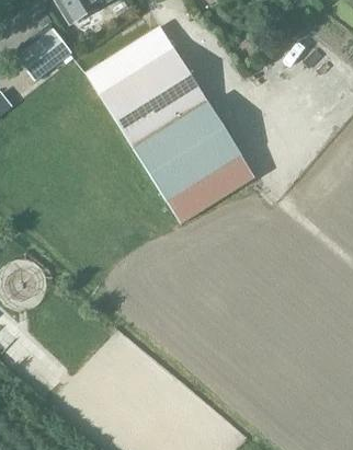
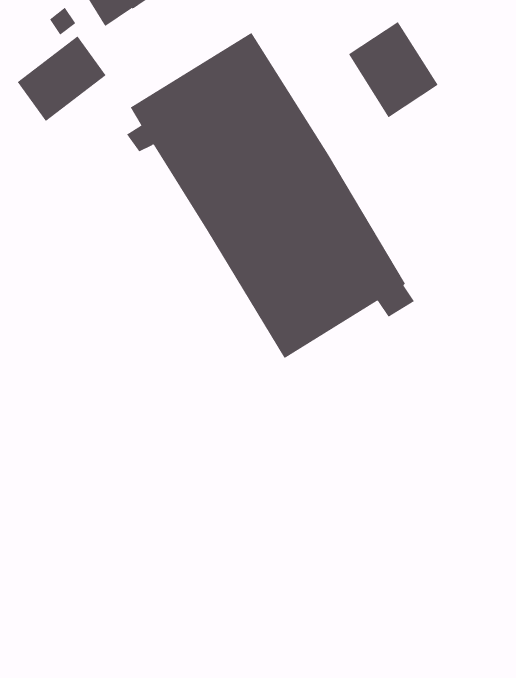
building: none -> [348,21,438,118]

